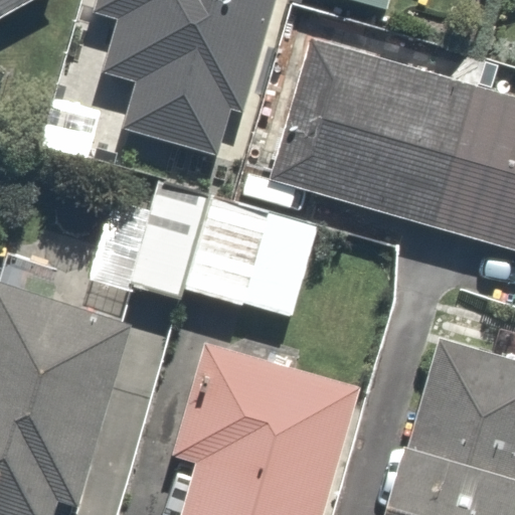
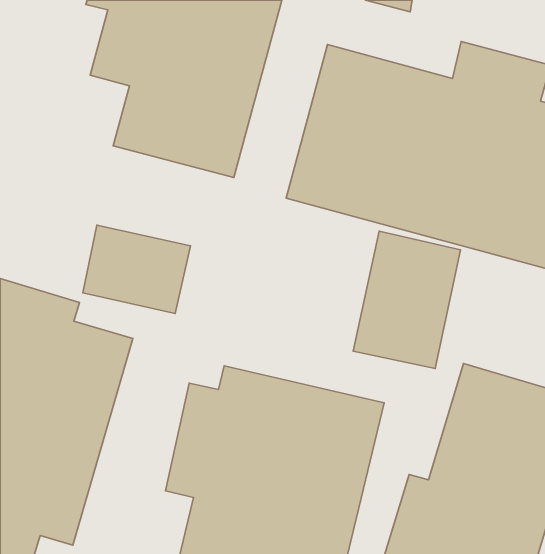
building: [187,192,320,313] -> none
building: none -> [353,231,461,368]

